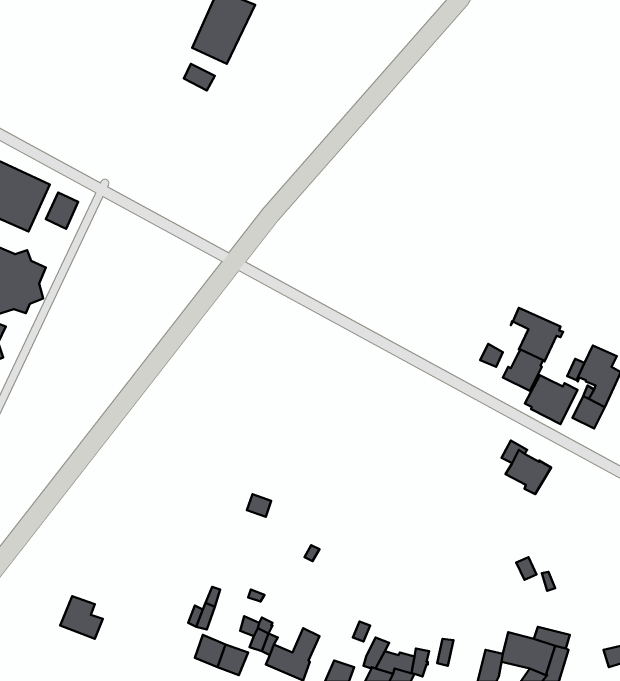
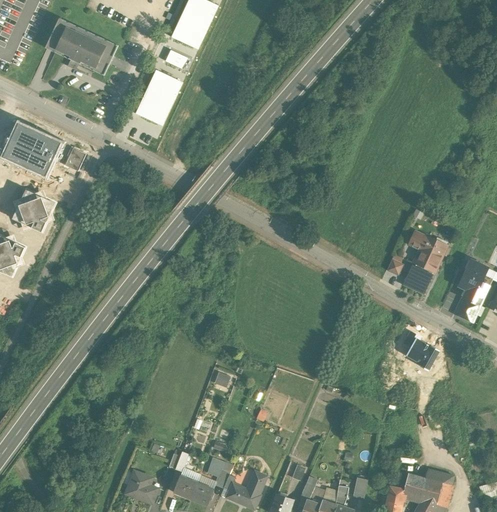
building: none -> [46,18,117,75]
building: none -> [135,69,182,125]
building: [525,375,578,424] -> none
building: [60,596,103,639] -> [125,471,157,503]

